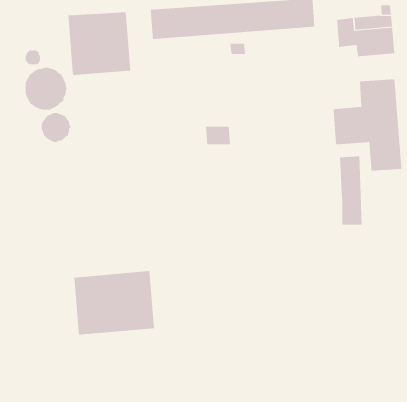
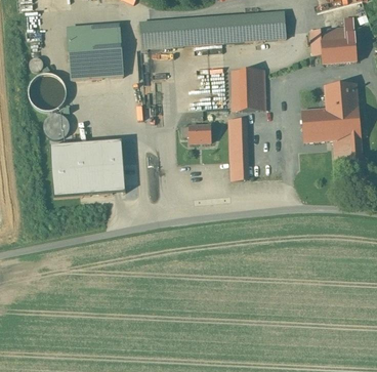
building: none -> [232,71,265,110]
building: [339,156,362,225] -> [228,118,249,179]
building: [74,271,155,335] -> [50,139,122,197]

